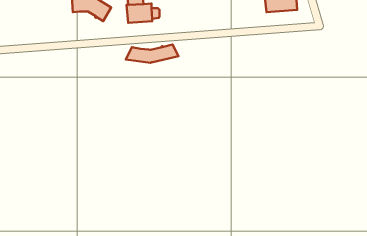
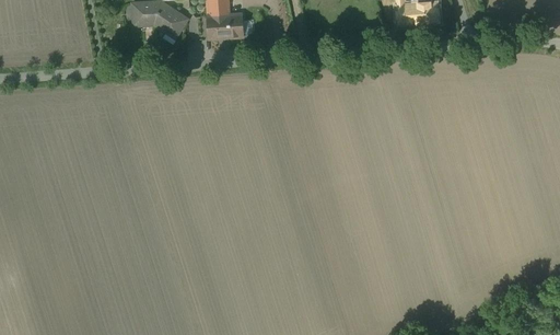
building: [126,45,178,63] -> none

